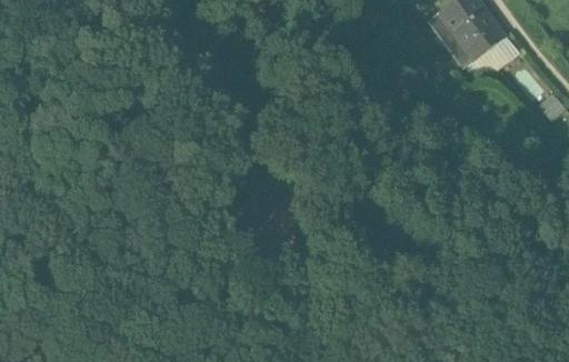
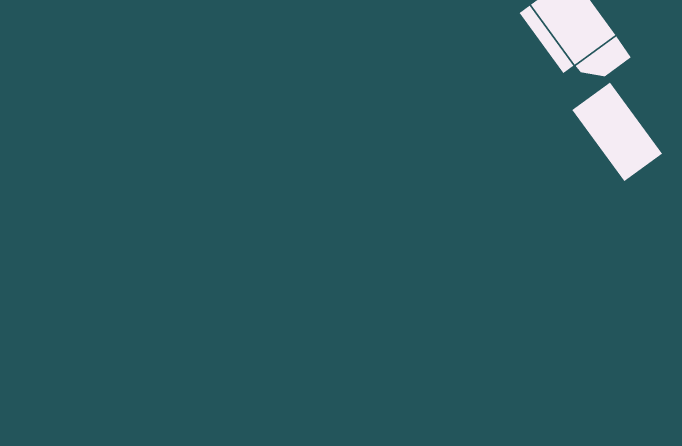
building: none -> [571,82,663,182]

